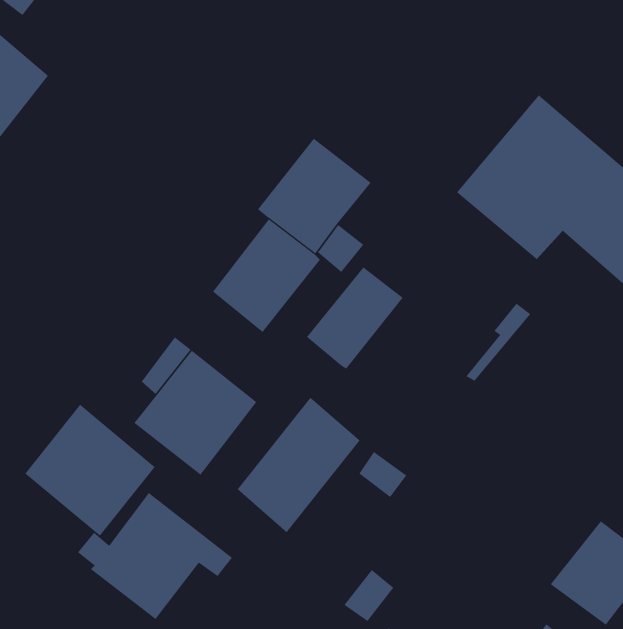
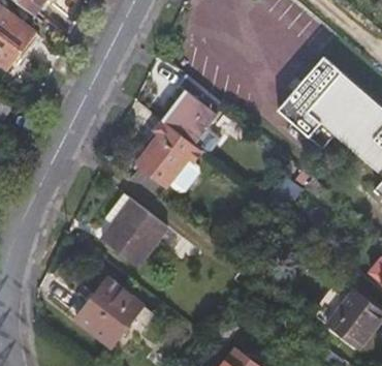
building: [306,267,403,369] -> none
building: [237,397,360,533] -> none
building: [25,404,156,537] -> none

